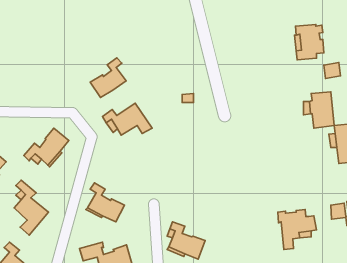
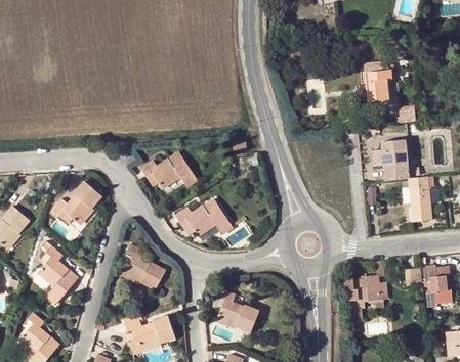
building: [90,58,126,98] -> none
building: none -> [175,198,233,236]

